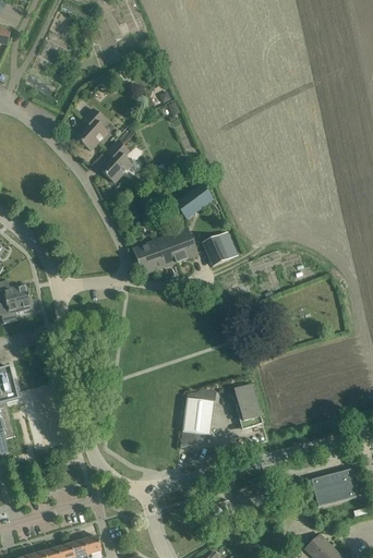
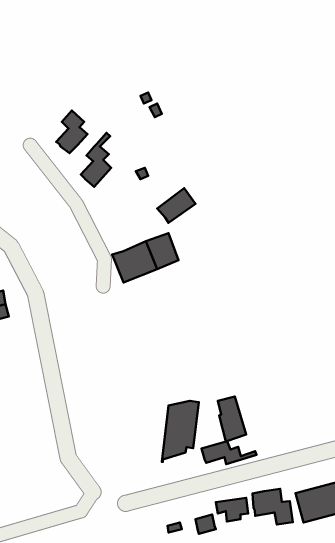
building: [202,231,237,264] -> none
building: none -> [201,441,257,464]
building: none -> [252,489,293,524]

